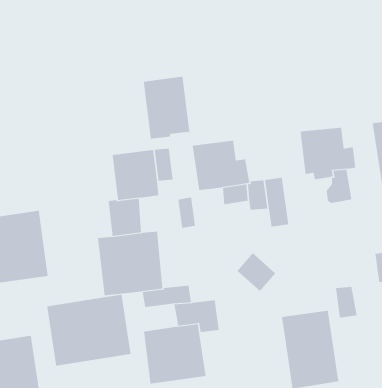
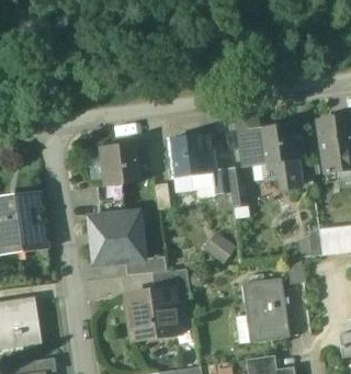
building: [143,76,190,140] -> none
building: none -> [237,116,262,166]
building: [46,294,131,366] -> none

